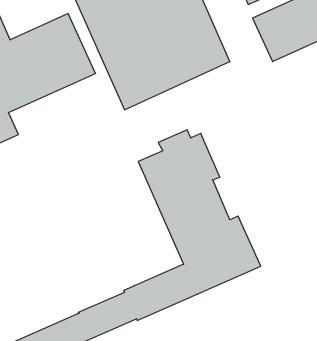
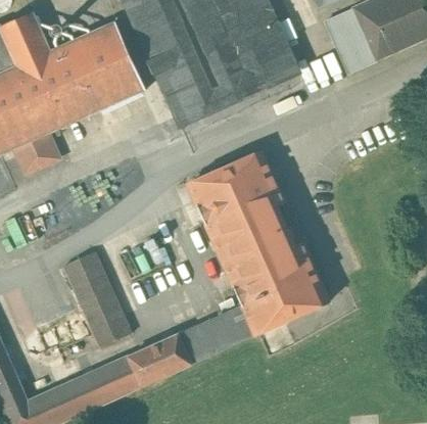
building: none -> [63,251,130,345]

